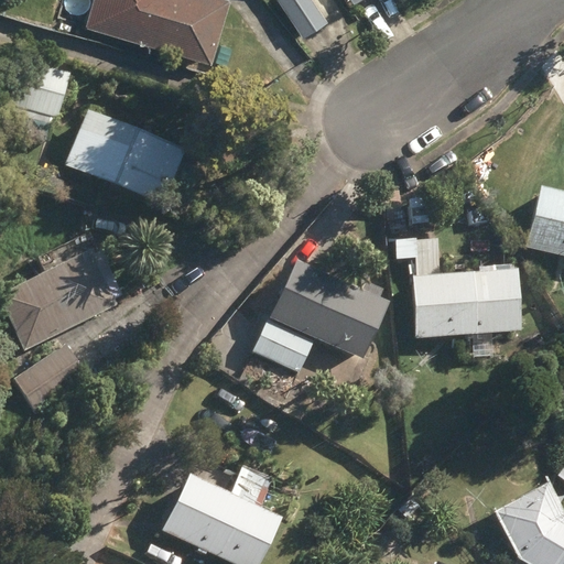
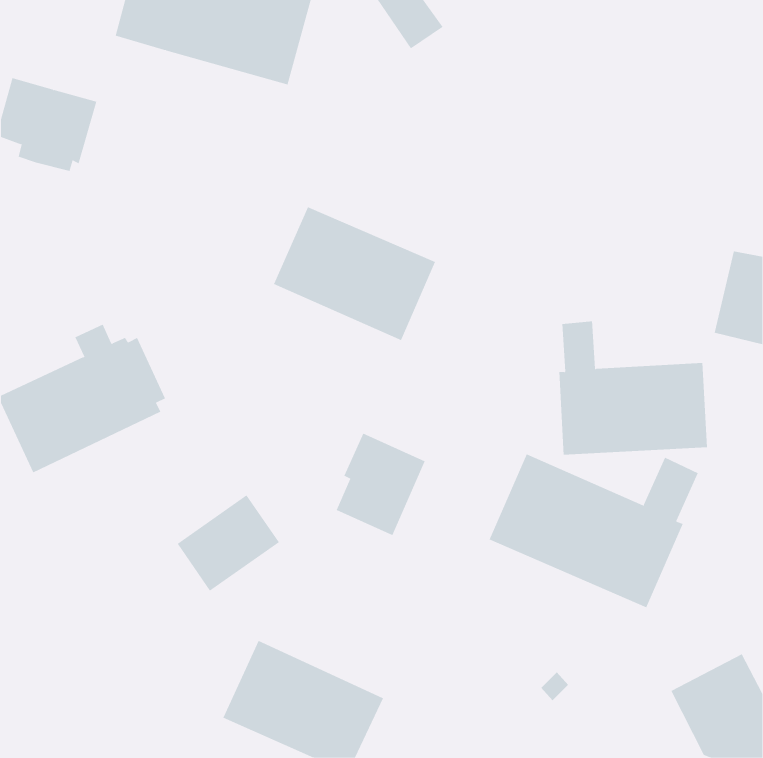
building: [65,113,199,210] -> none
building: [271,259,391,358] -> [273,207,436,341]
building: none -> [489,454,698,608]
building: [13,343,89,414] -> [177,495,280,591]

